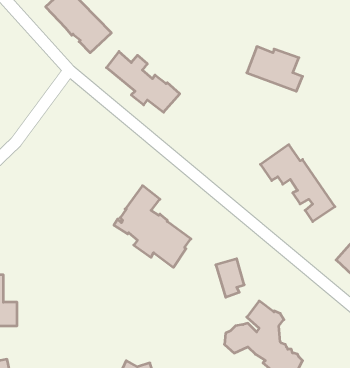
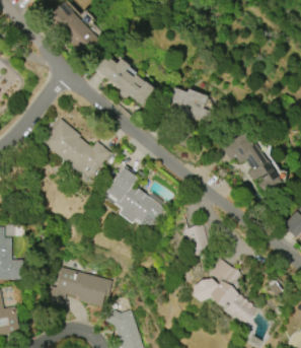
building: [247,47,303,91] -> [165,86,211,123]
building: none -> [41,119,109,173]
building: none -> [46,267,111,308]

